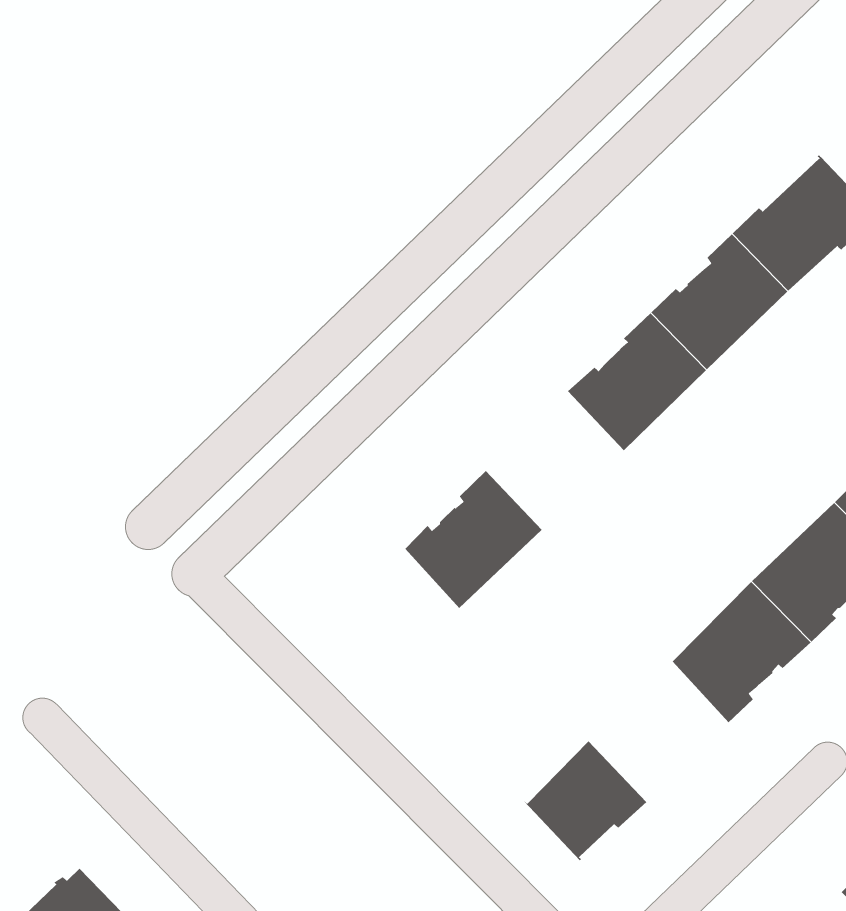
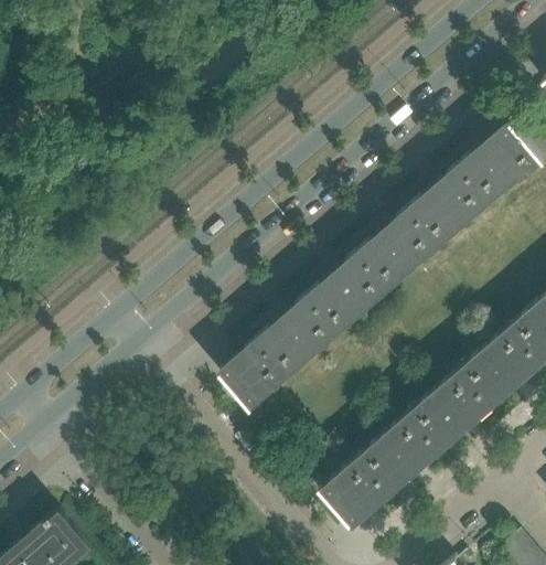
building: none -> [308,254,388,333]
building: none -> [220,340,288,413]
building: none -> [358,414,440,494]

